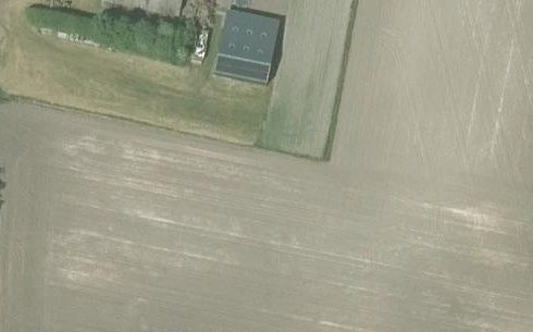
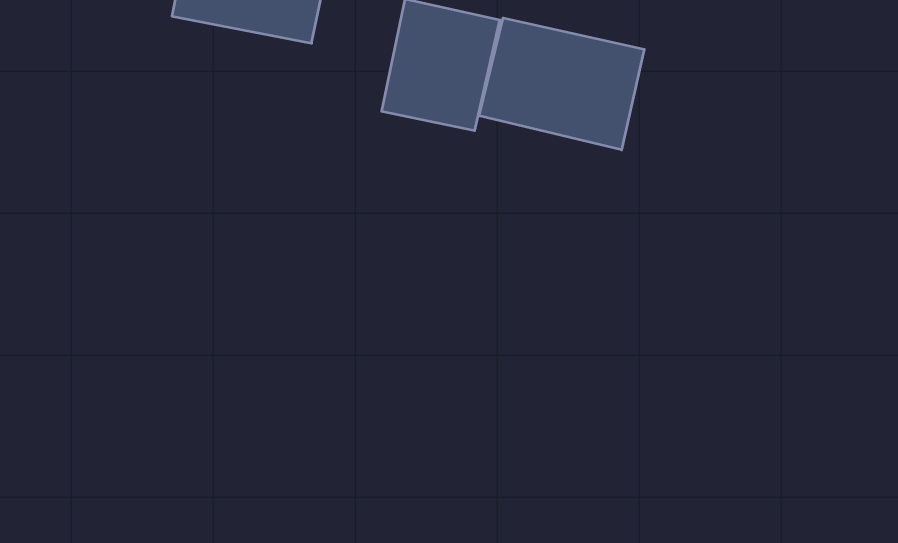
building: none -> [479,18,644,150]

